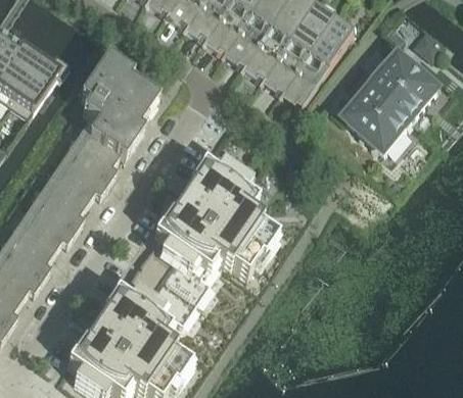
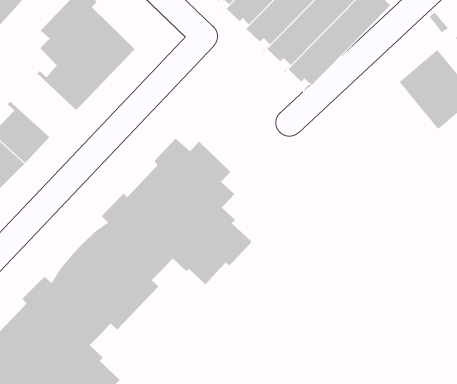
building: [345,89,410,153] -> none
building: [64,131,119,180] -> none

